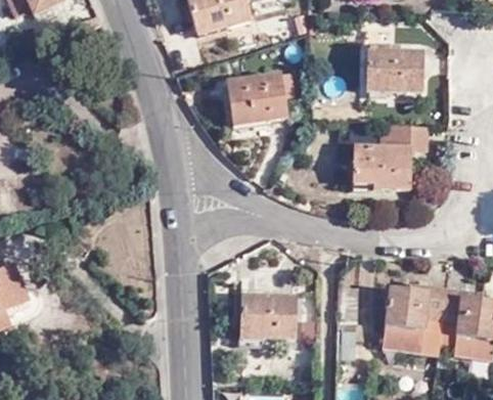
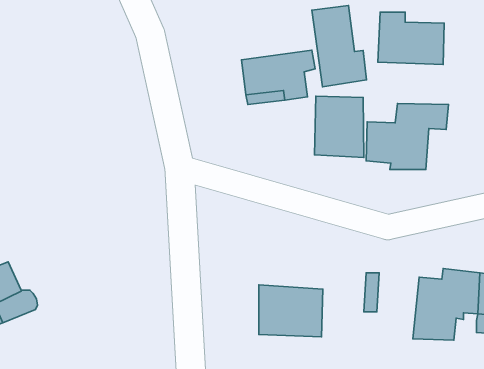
building: none -> [312,6,366,87]
building: none -> [315,96,364,157]

